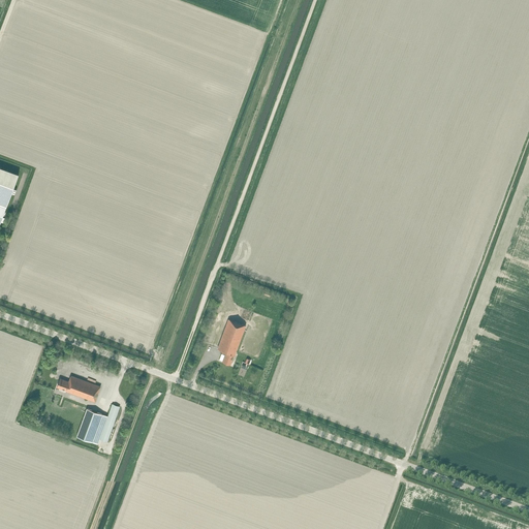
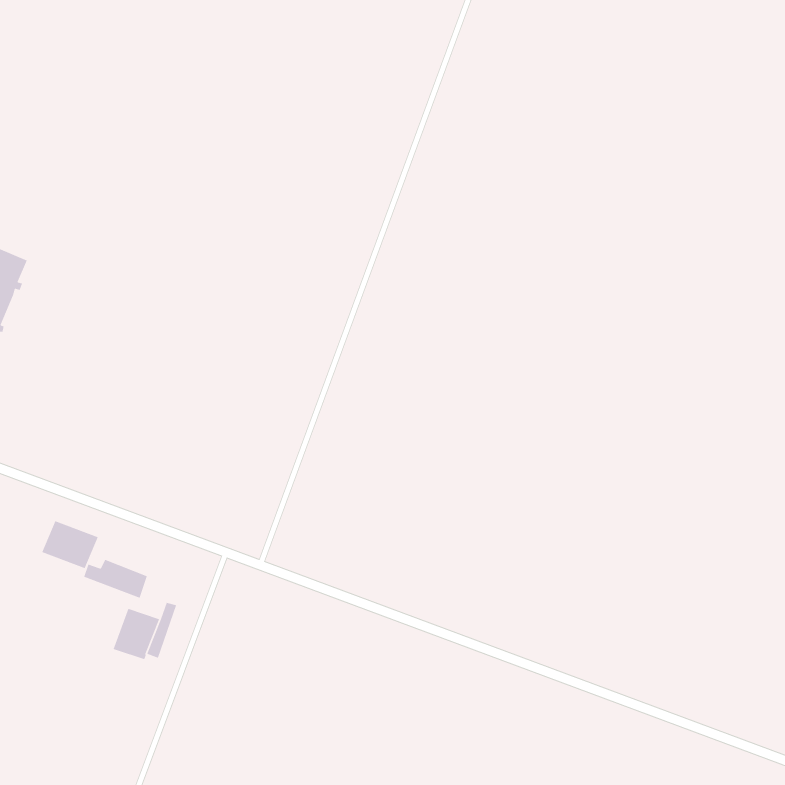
building: [217,320,245,366] -> none
building: none -> [41,520,99,569]

